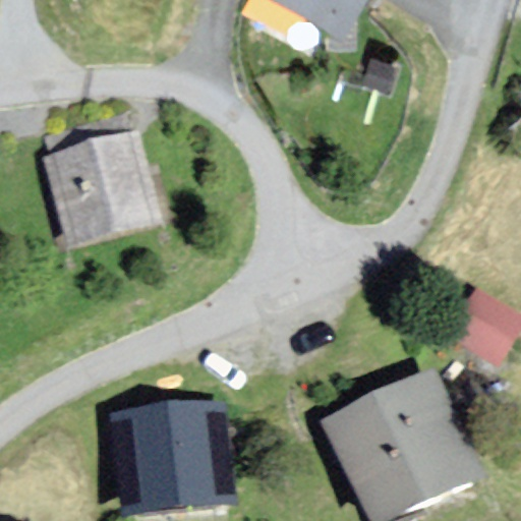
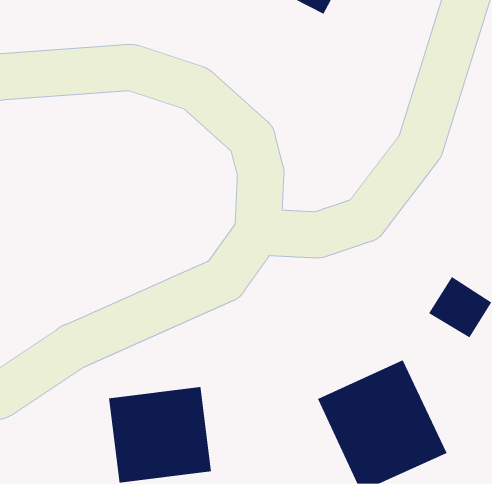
building: [52,134,153,237] -> none

